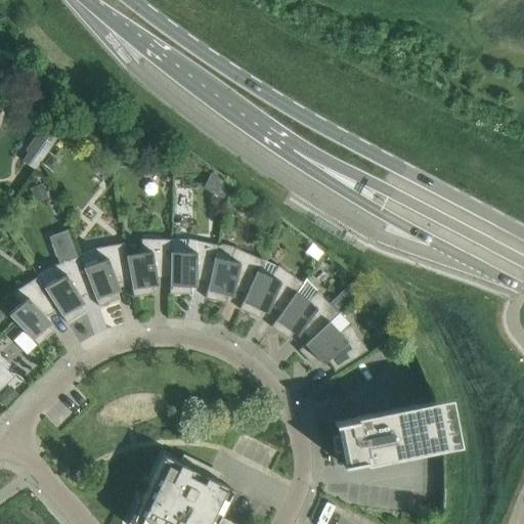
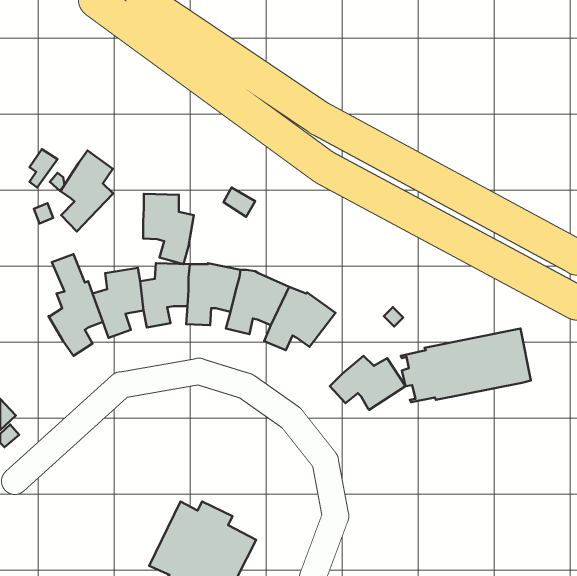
building: none -> [61,151,113,232]
building: none -> [143,194,194,264]
building: [8,277,57,346] -> none
building: [271,280,339,340] -> none
building: [334,399,451,466] -> [401,329,531,402]

